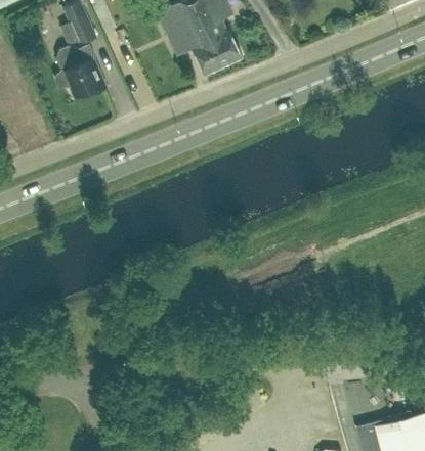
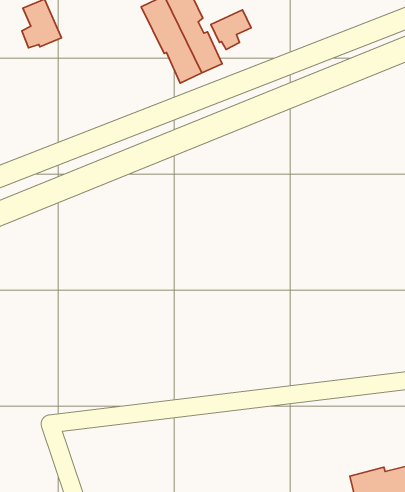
building: none -> [211,10,251,49]
building: [55,45,104,98] -> none

